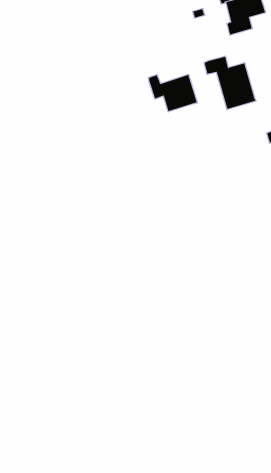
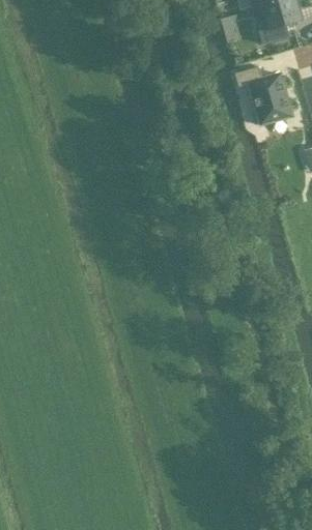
building: [148,74,198,112] -> none

